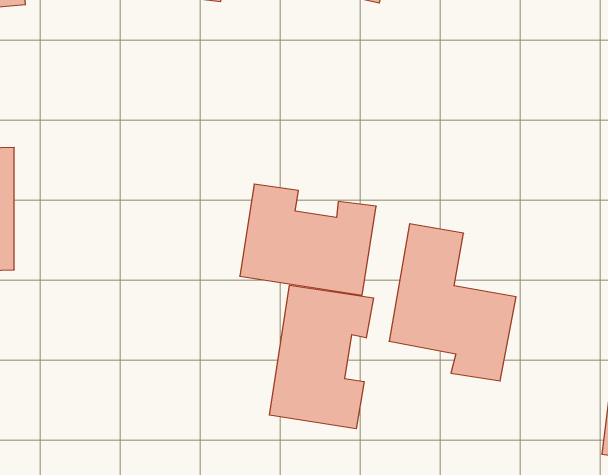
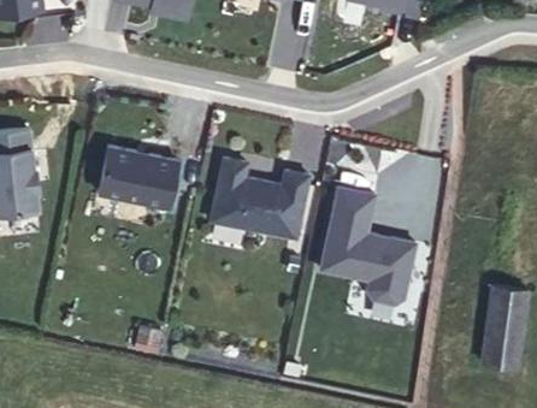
building: none -> [99,147,182,211]
building: [269,285,374,429] -> none

